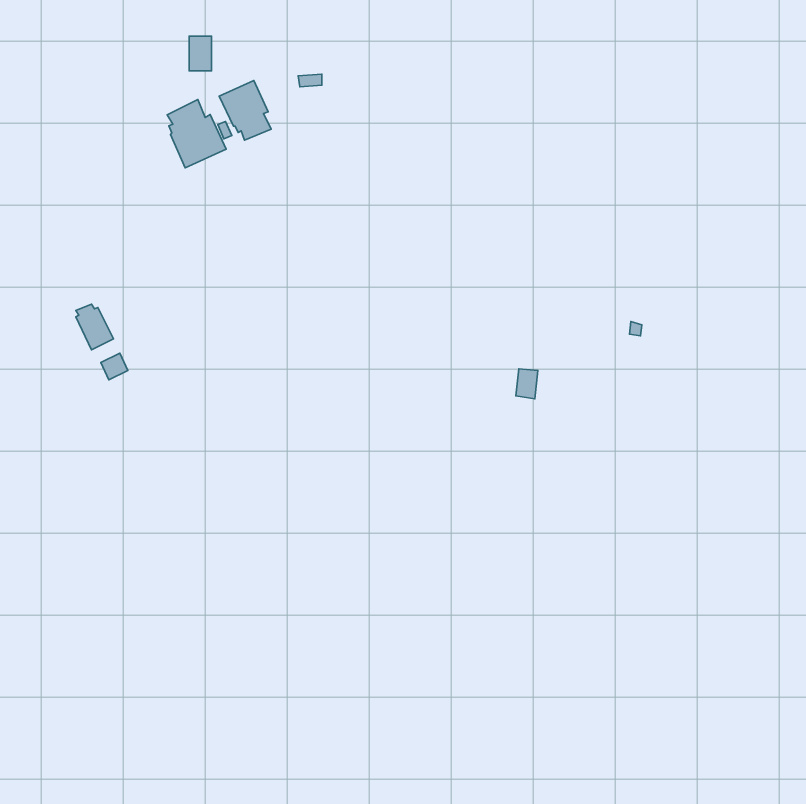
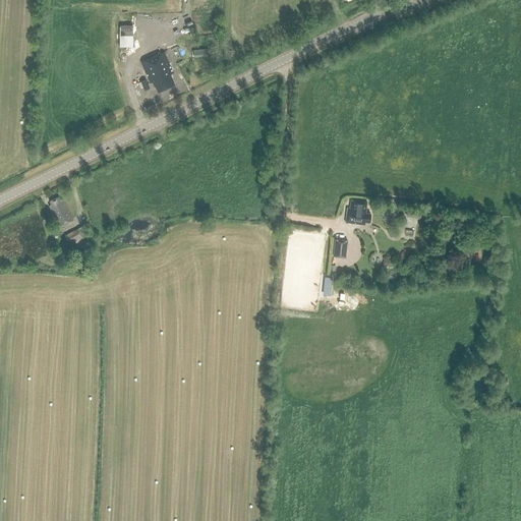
building: [167,99,226,168] -> none
building: none -> [346,198,370,224]

